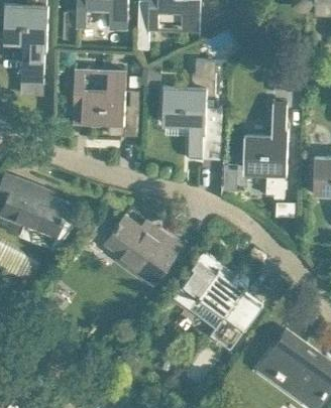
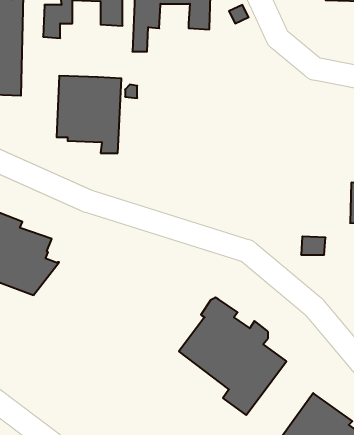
building: [164,61,222,157] -> none
building: [245,104,287,199] -> none
building: [106,216,180,280] -> none

